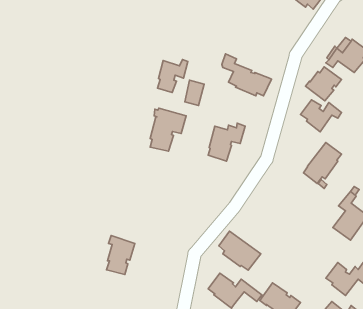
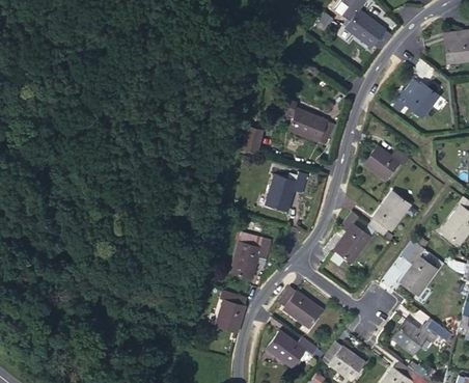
building: [158,60,188,93] -> none
building: [306,67,342,101] -> none
building: [150,108,186,151] -> [232,231,271,277]
building: none -> [333,211,370,263]
building: [106,236,135,275] -> [217,290,247,331]

